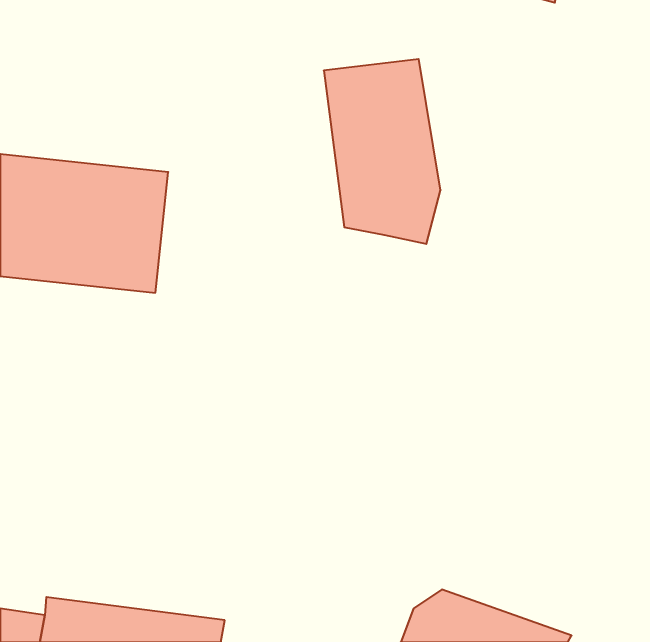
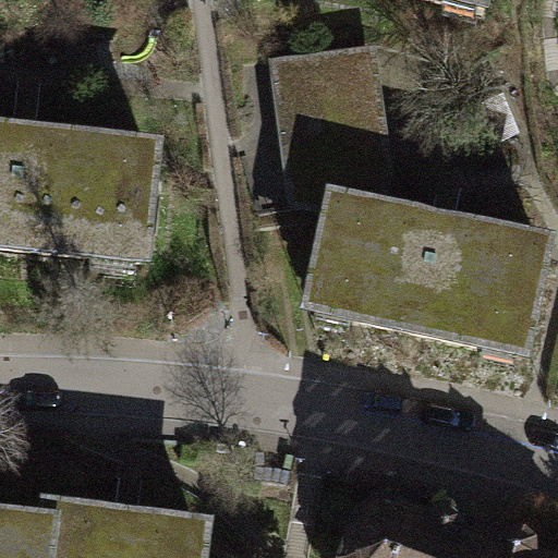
building: none -> [310,199,539,344]

